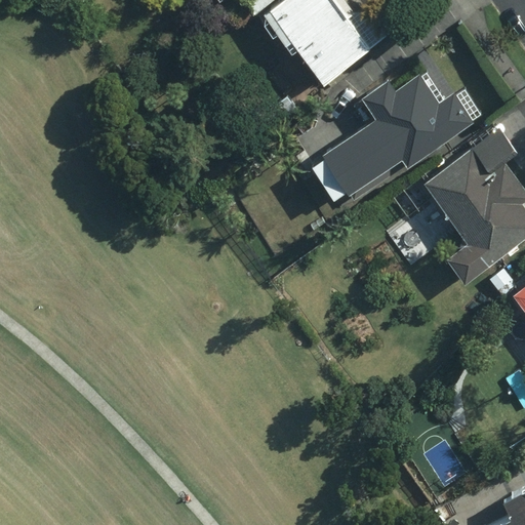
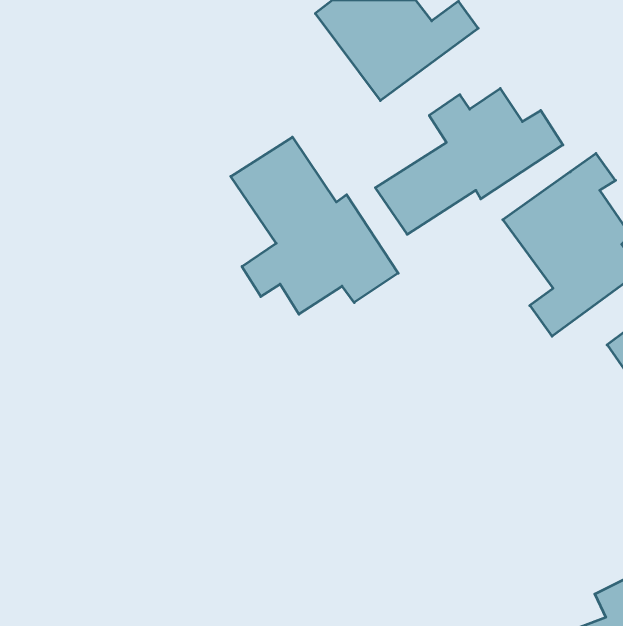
building: none -> [231,137,398,314]

